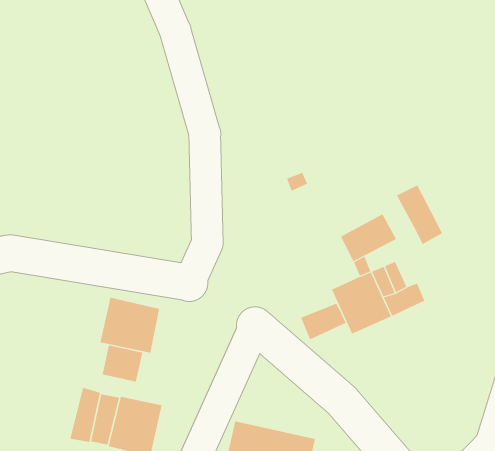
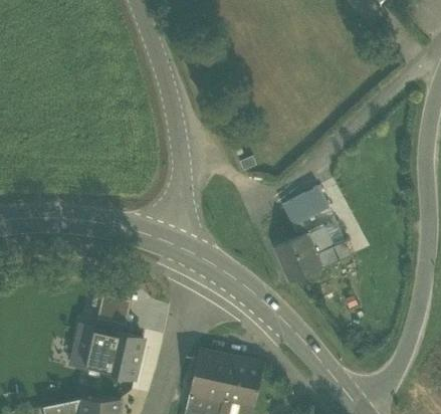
building: [396,185,443,245] -> none
building: [100,297,160,354] -> none
building: [300,303,347,340] -> none

